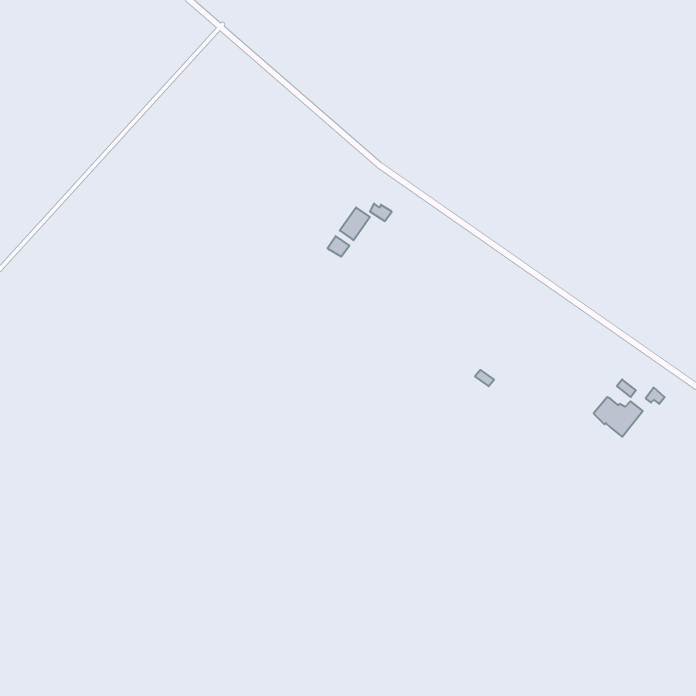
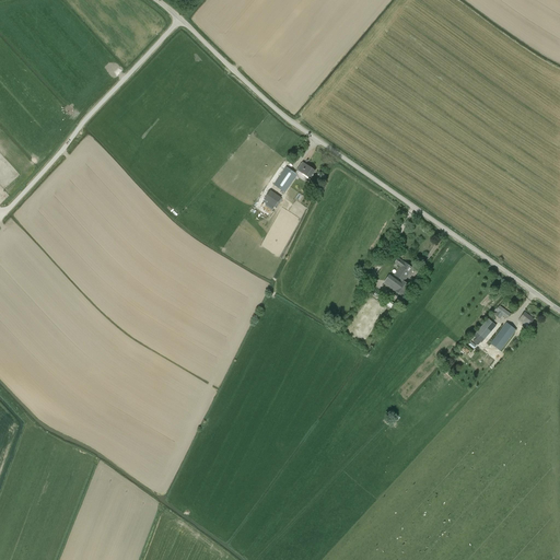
building: none -> [382,257,412,296]

